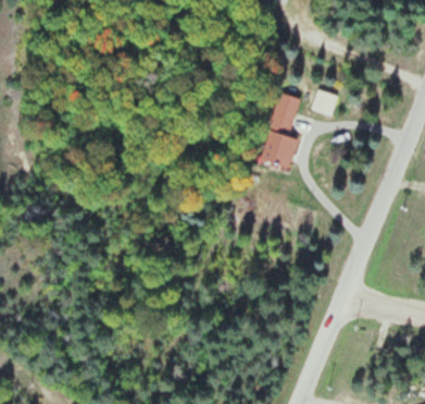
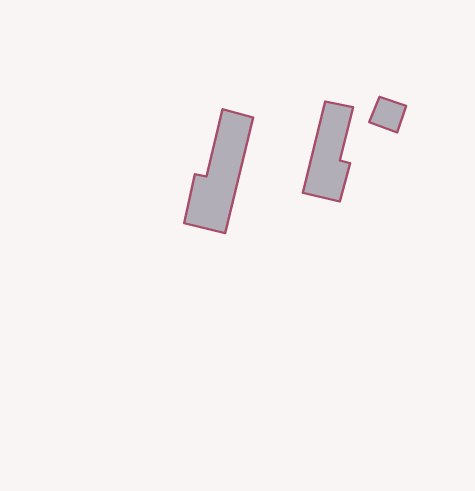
building: none -> [184,109,253,233]

